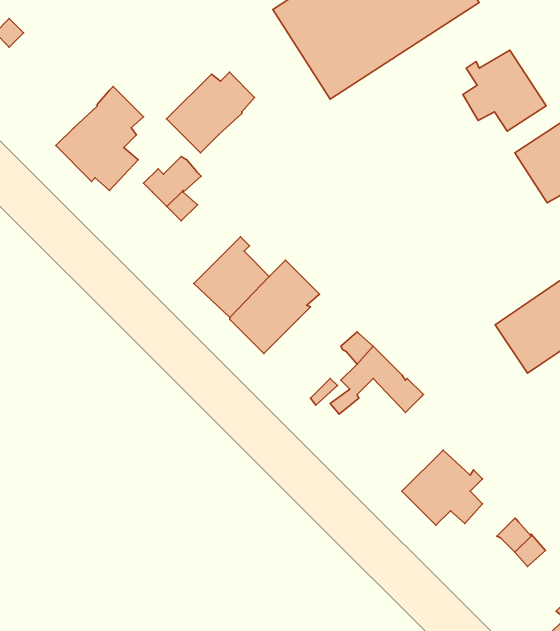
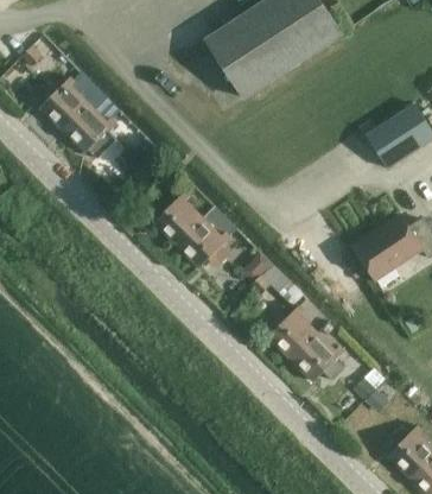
building: [463,50,546,131] -> none
building: [167,72,254,153] -> [39,76,97,129]
building: none -> [267,305,318,359]

